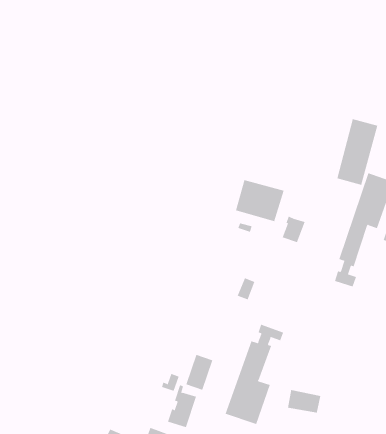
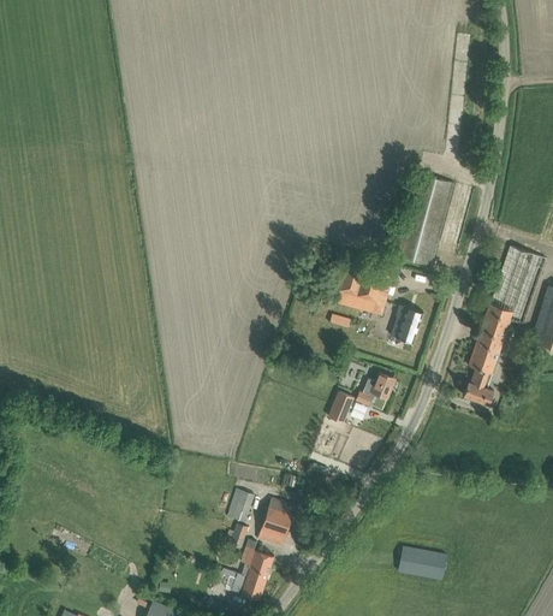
building: [337,119,378,186] -> [396,174,453,267]
building: none -> [355,374,394,405]
building: [225,324,284,425] -> none
building: none -> [227,490,254,523]

